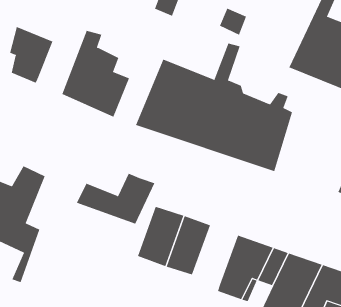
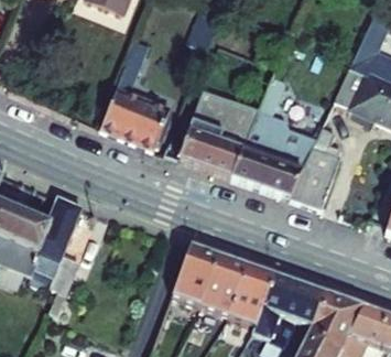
building: [10,26,53,84] -> none
building: [76,173,155,224] -> none
building: none -> [233,263,280,325]

